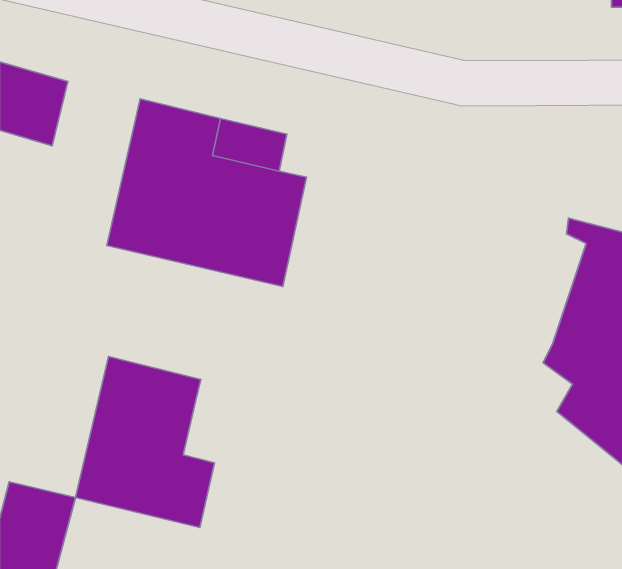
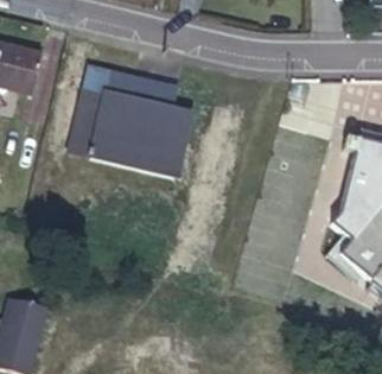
building: [76,356,214,527] -> none

